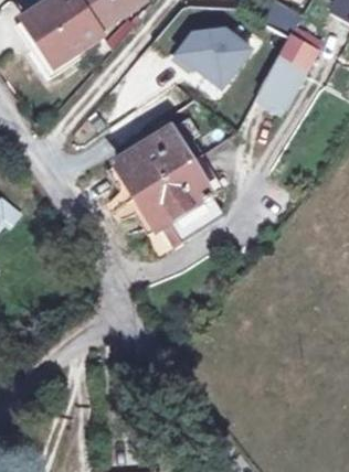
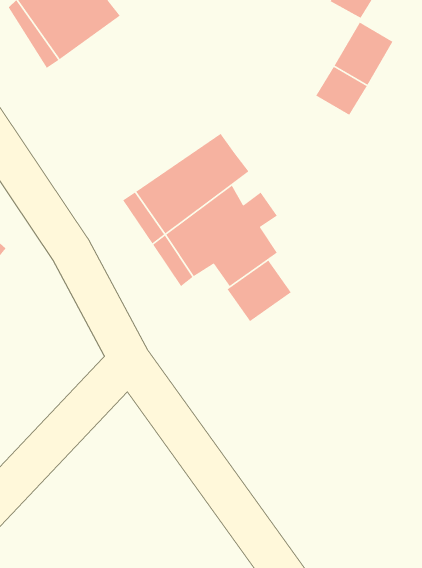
building: [169,26,245,88] -> none
building: none -> [227,260,292,322]

